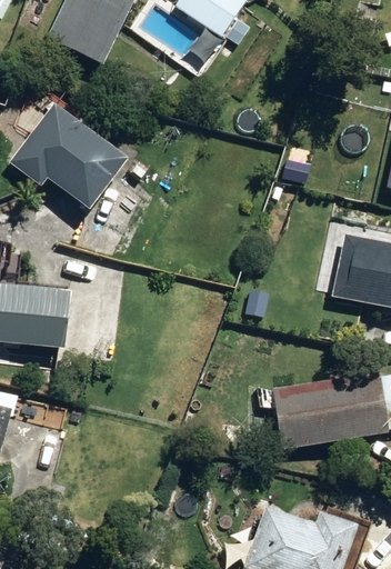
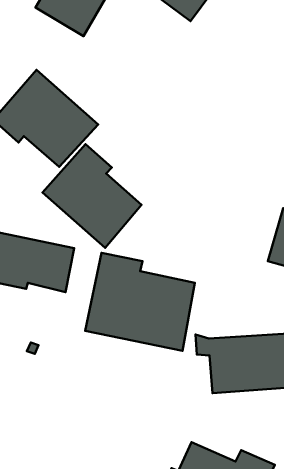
building: none -> [43,144,141,248]
building: none -> [85,253,195,351]

